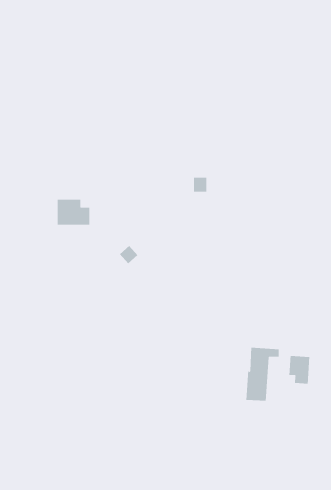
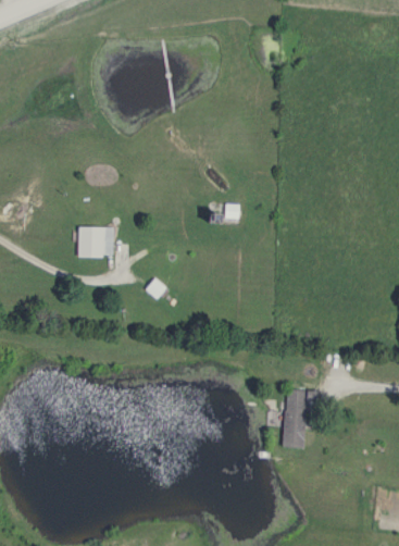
building: [289,355,310,384] -> none

